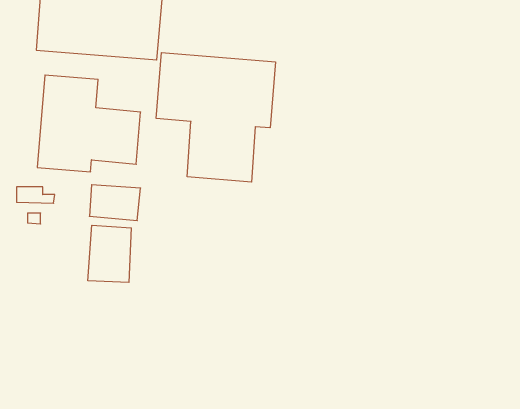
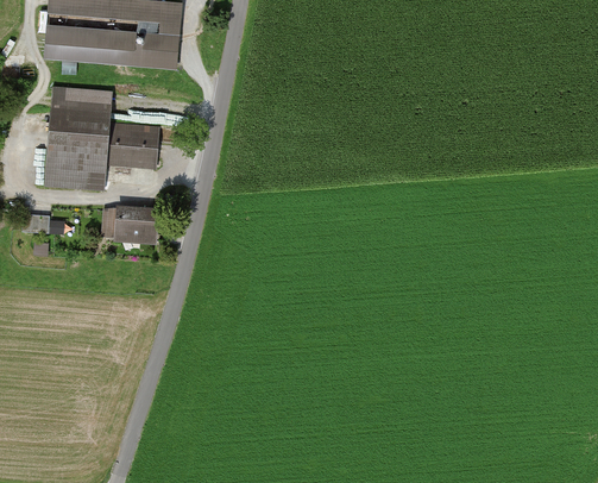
building: [156,53,275,182] -> none
building: [88,225,131,282] -> none

